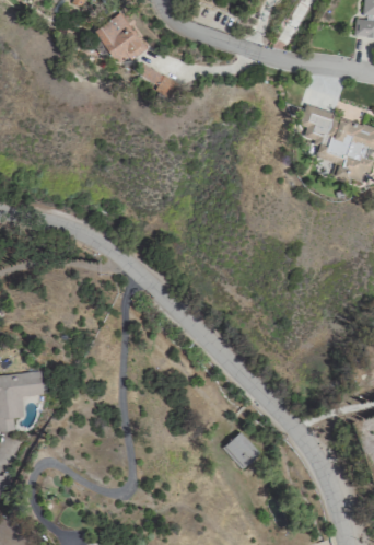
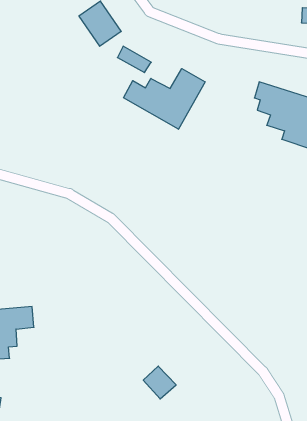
building: none -> [124,69,205,129]
building: [223,433,261,472] -> [143,366,176,399]

